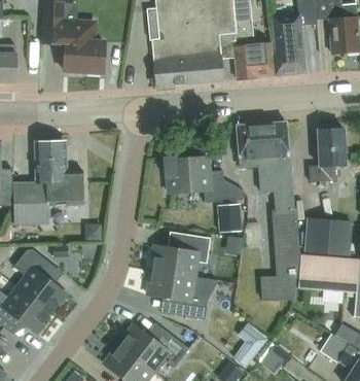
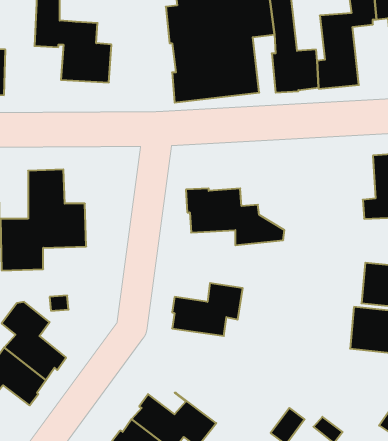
building: [237,123,299,302] -> none
building: [217,203,243,232] -> none
building: [147,272,215,319] -> none

